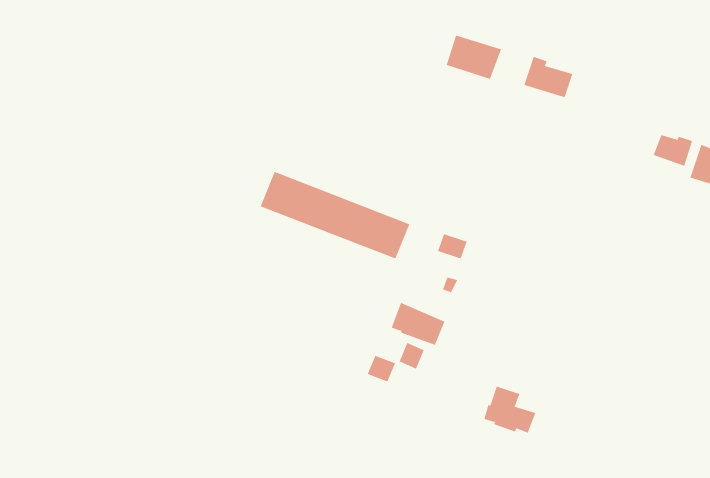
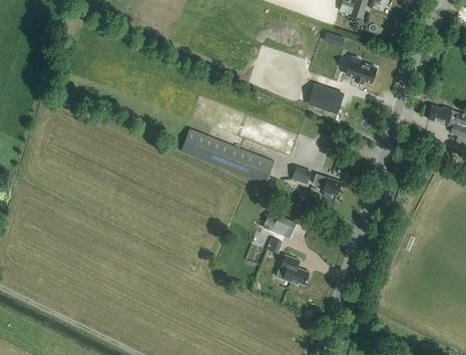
building: [446,35,502,80] -> [309,84,344,112]
building: none -> [313,172,342,198]
building: [483,386,536,434] -> [277,255,310,285]

